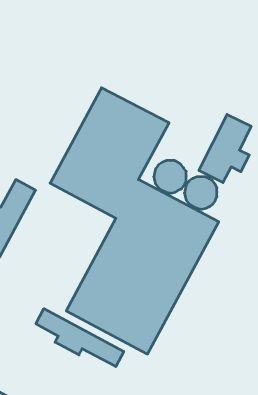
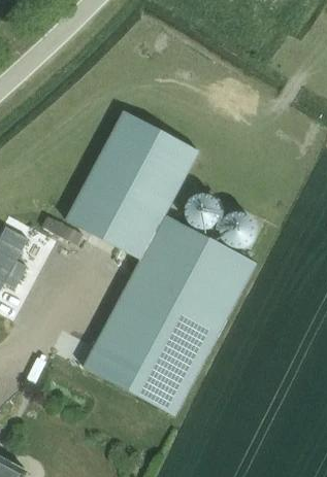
building: [199,114,251,183] -> none
building: [36,309,124,367] -> none

